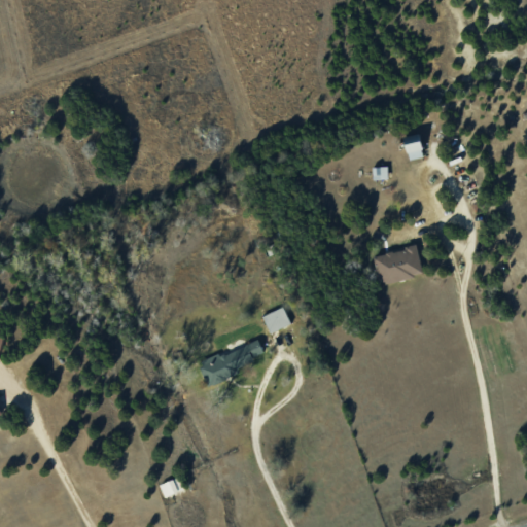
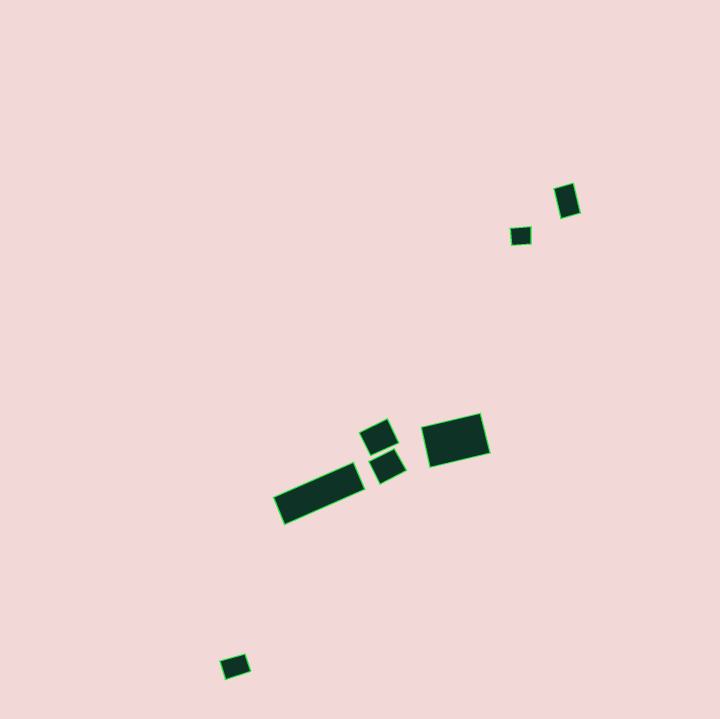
building: [374,246,424,285] -> [421,413,490,467]
building: none -> [369,449,406,484]

